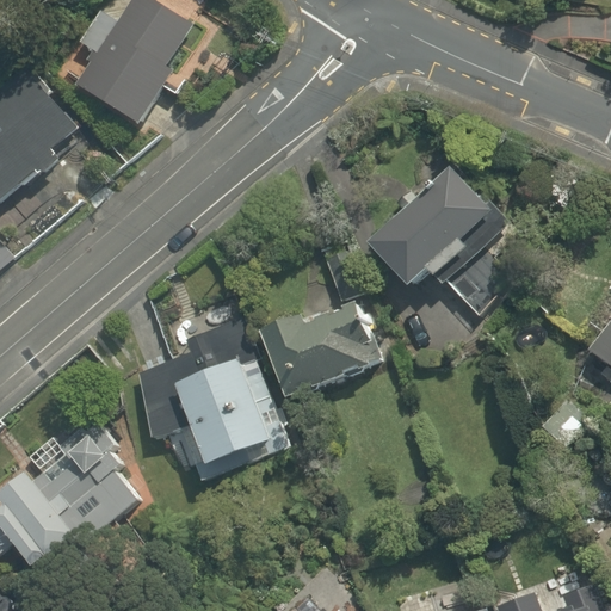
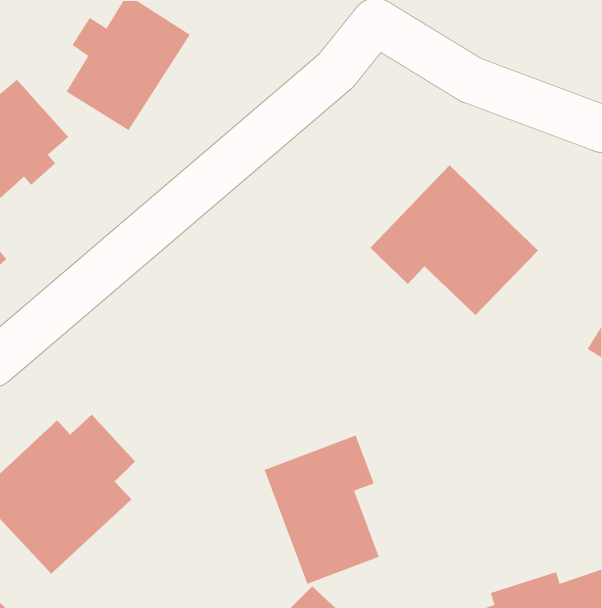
building: [130,300,378,474] -> none
building: none -> [263,435,380,585]

